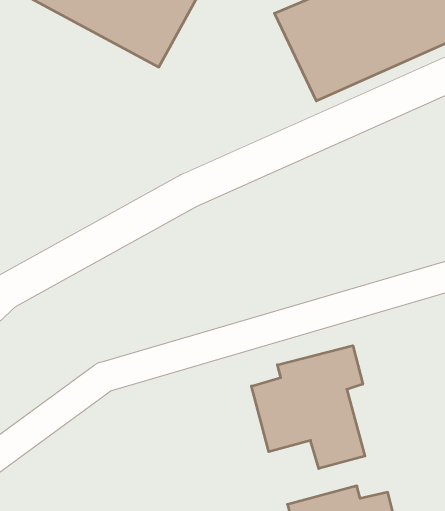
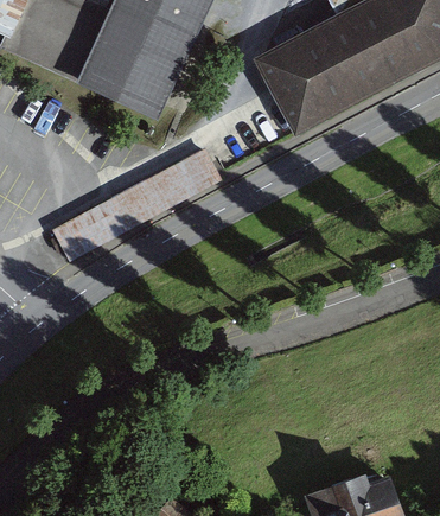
building: none -> [56,146,224,259]
building: [251,346,365,469] -> none

